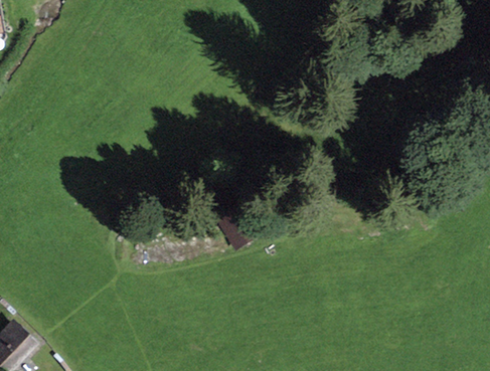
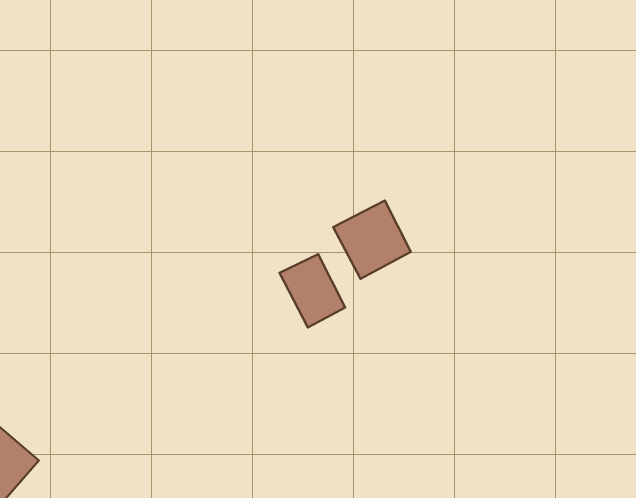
building: none -> [333,200,411,279]

